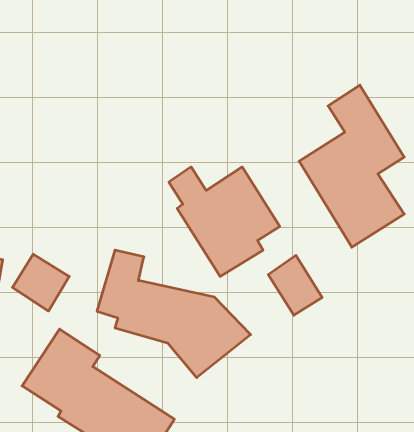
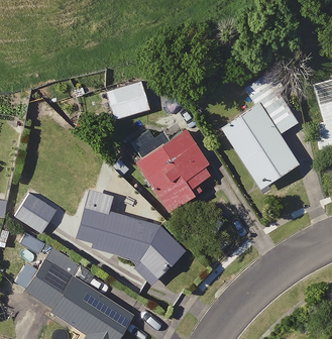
building: none -> [104,80,146,120]
building: [268,255,322,315] -> none

